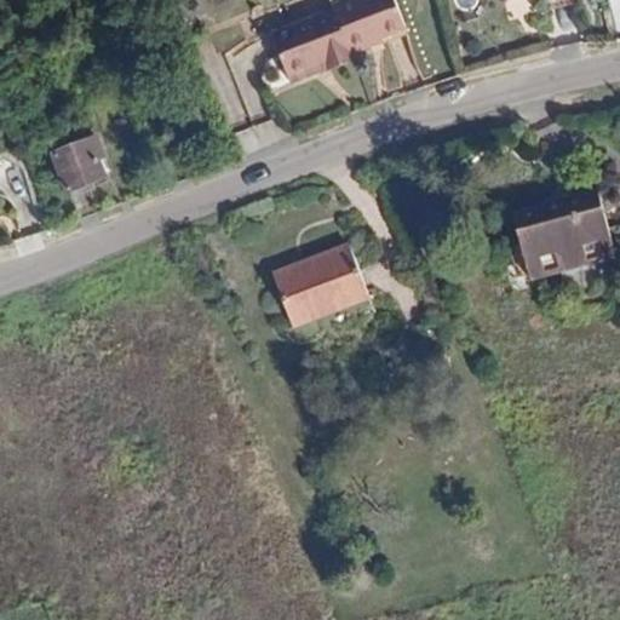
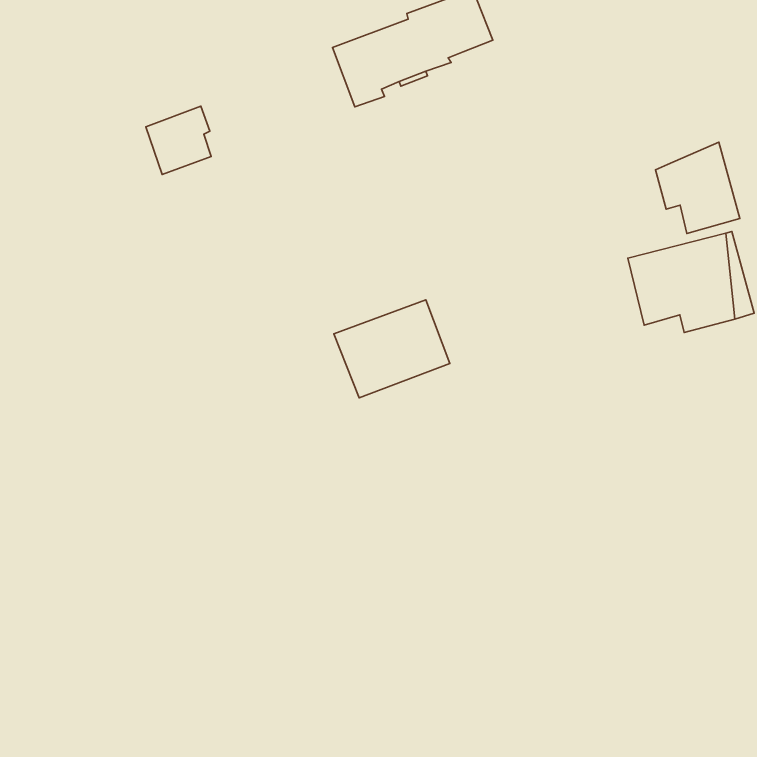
building: none -> [656,142,740,234]
building: [51,137,104,193] -> [146,106,211,174]

